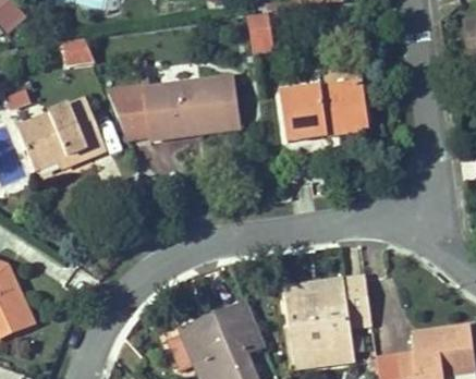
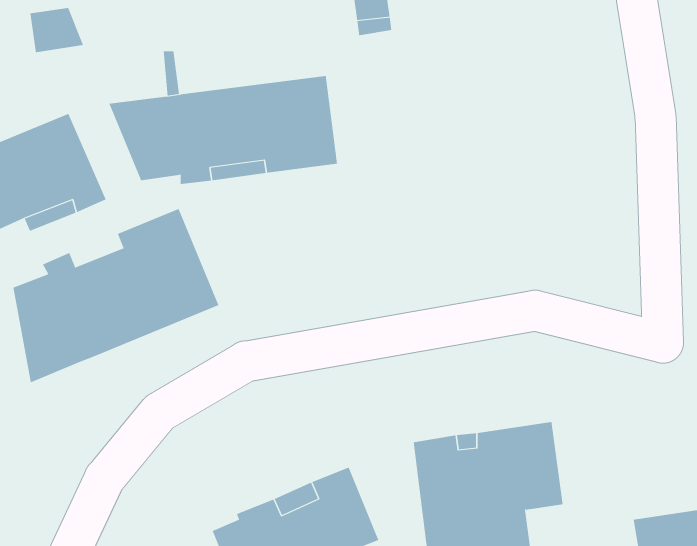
building: [280,82,367,140] -> none
building: none -> [13,208,219,383]

